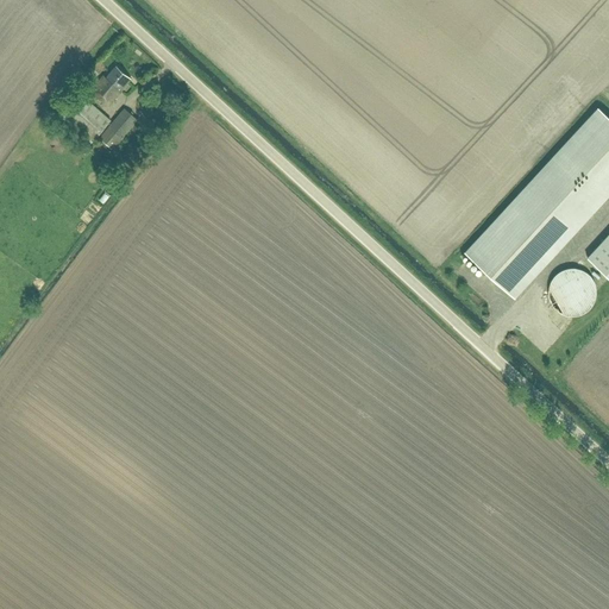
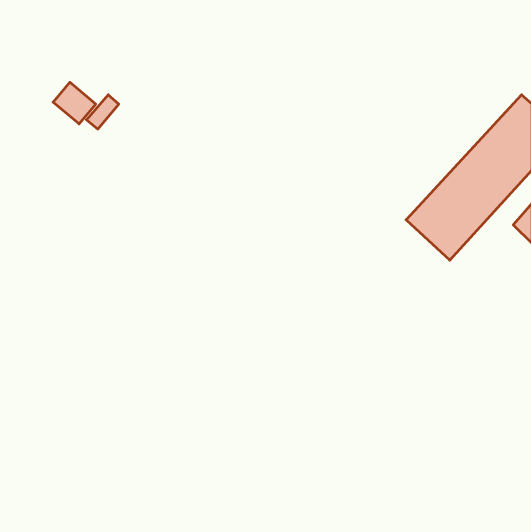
building: [90,65,132,106] -> none
building: [548,268,596,315] -> none

